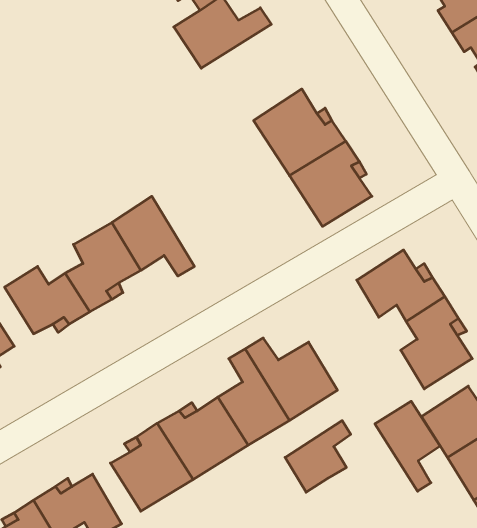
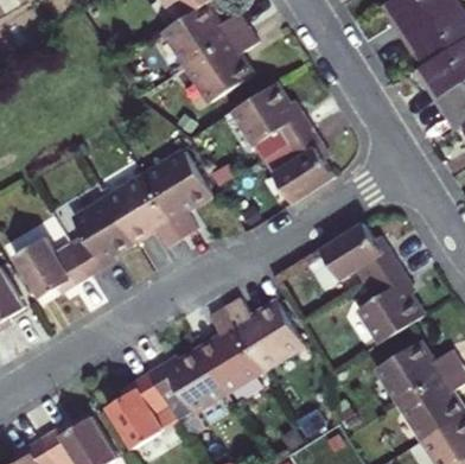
building: none -> [185,27,256,102]
building: none -> [142,150,211,236]
building: [375,401,440,491] -> none
building: [285,421,351,492] -> none

